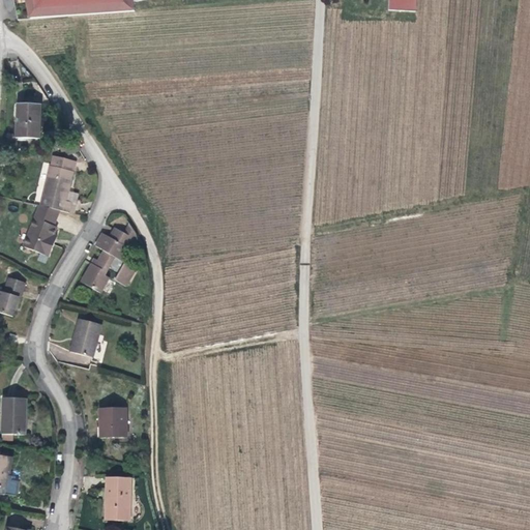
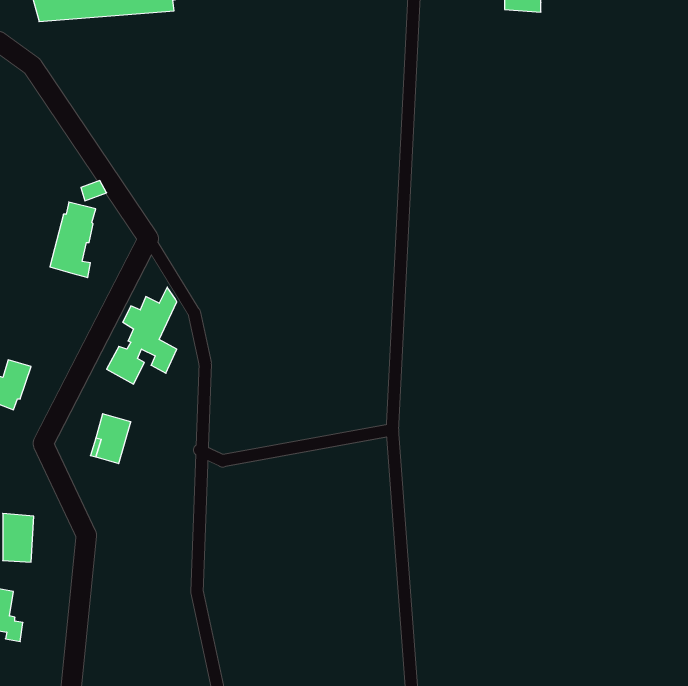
building: [16,100,38,134] -> none
building: [22,205,56,257] -> none
building: [97,408,125,437] -> none
building: [106,476,130,521] -> none

